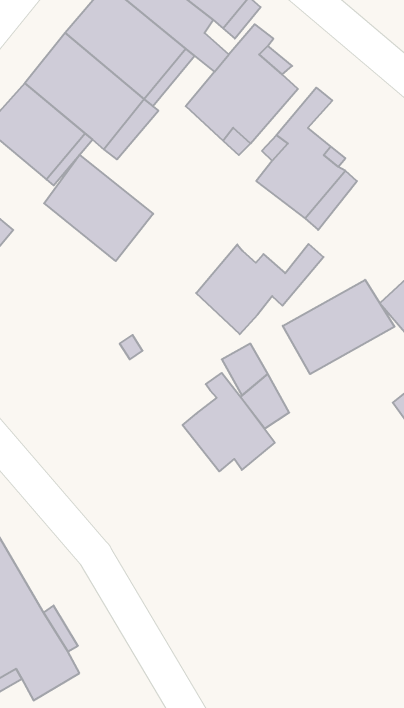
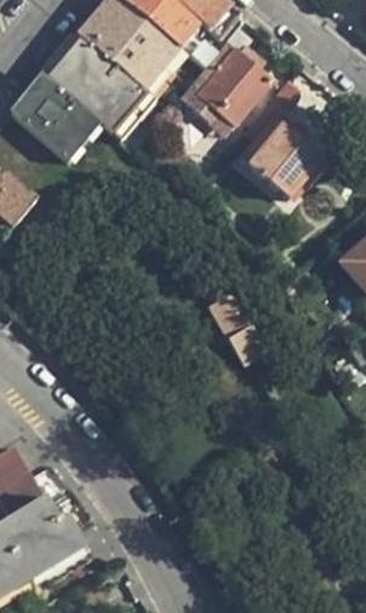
building: [44,155,153,261] -> none
building: [196,244,324,334] -> none
building: [283,280,395,374] -> none
building: [183,373,275,471] -> none

